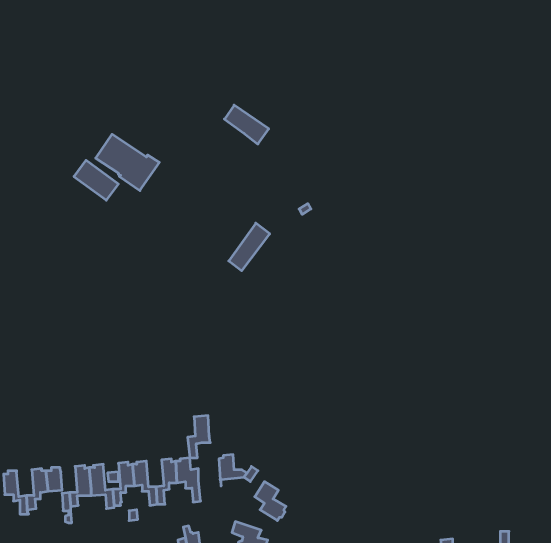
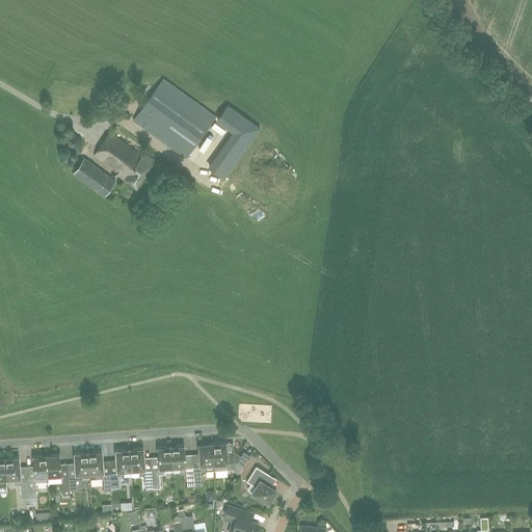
building: none -> [134,81,214,158]
building: [229,223,270,271] -> [210,133,249,179]
building: [188,416,210,458] -> [192,446,214,486]

